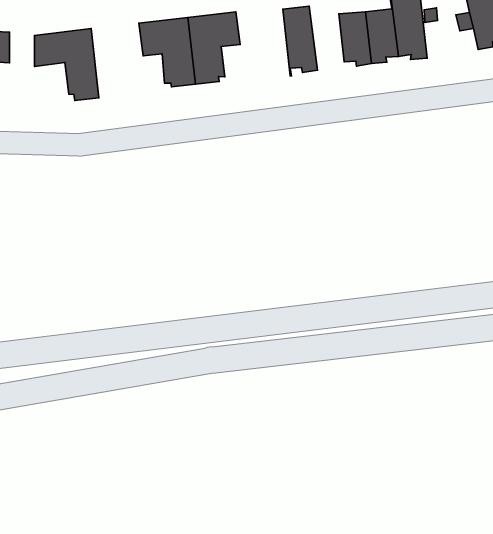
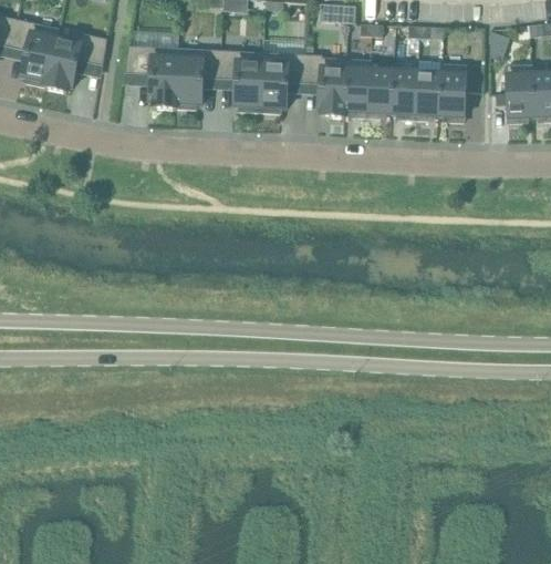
building: none -> [366,61,393,119]
building: none -> [303,55,345,119]
building: none -> [174,49,219,110]

